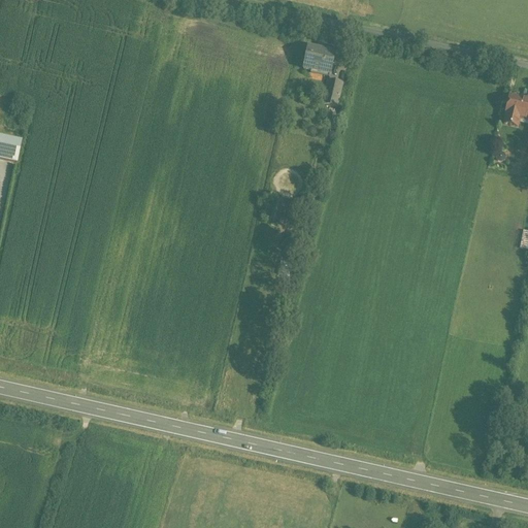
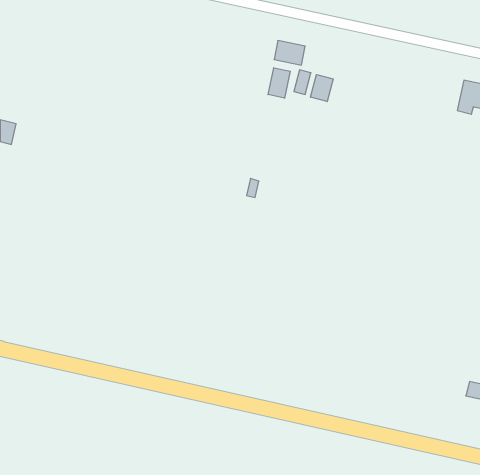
building: none -> [268,68,290,98]
building: none -> [311,75,333,102]

